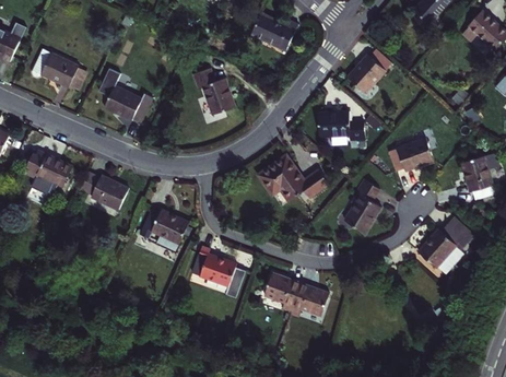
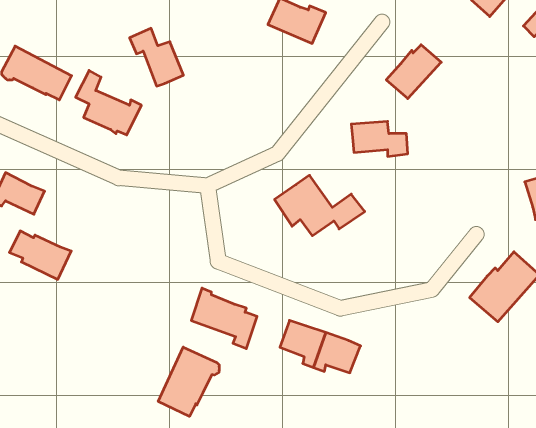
building: [193,64,237,111] -> [130,28,183,86]
building: [389,136,434,169] -> none
building: [78,173,128,212] -> [9,231,71,279]
building: [338,173,379,226] -> none
building: [136,213,184,249] -> none
building: none -> [158,347,219,416]

